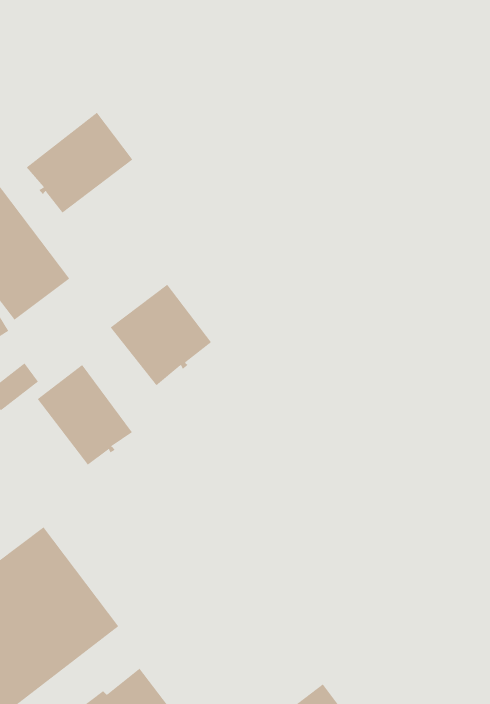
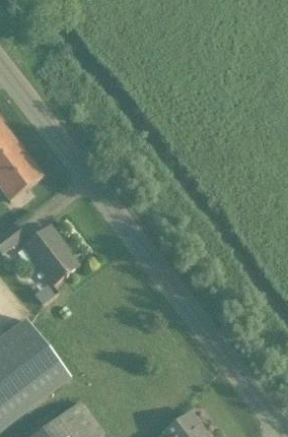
building: [26,112,133,214] -> none
building: [110,284,212,386] -> none

